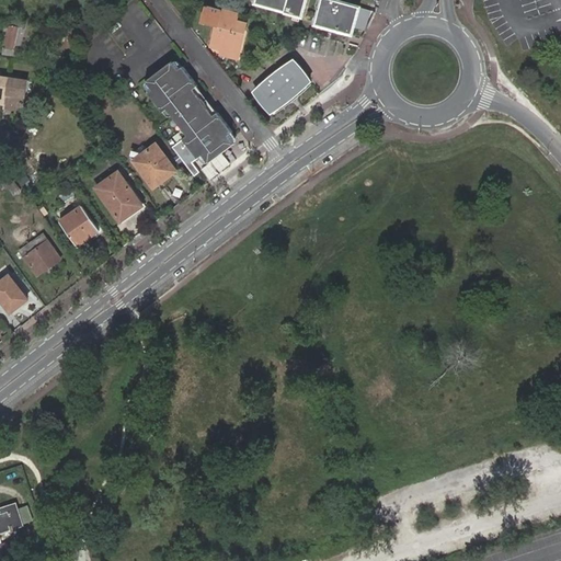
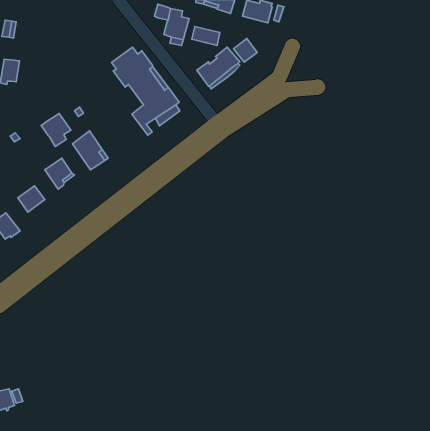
building: none -> [192,27,220,46]
building: none -> [234,39,257,62]
building: [131,144,173,186] -> none
building: none -> [41,114,71,146]

